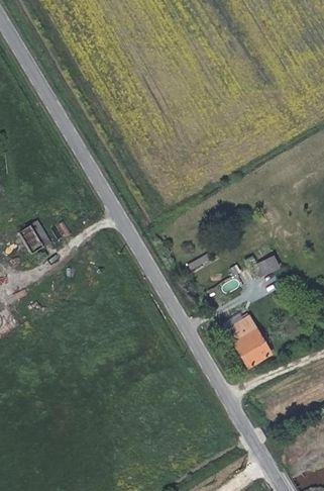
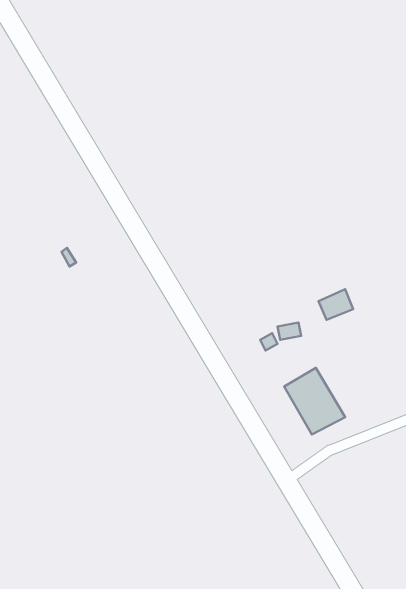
building: [17,219,48,252] -> none

